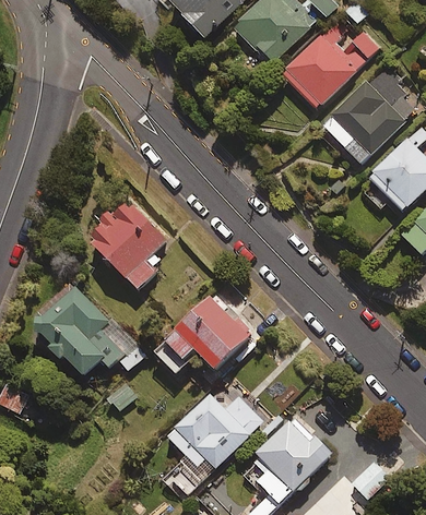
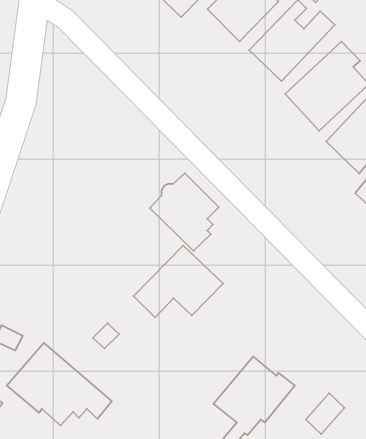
building: [88,202,166,289] -> [150,173,219,251]
building: [27,284,145,376] -> [7,343,112,426]
building: [167,393,262,468] -> none

